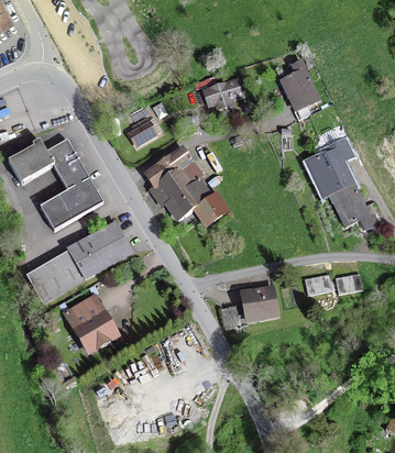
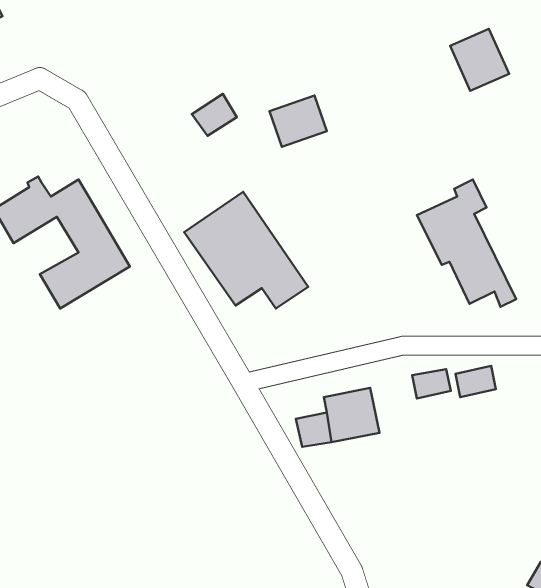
building: [279,68,321,112] -> [450,29,509,91]
building: [124,119,156,148] -> [192,94,237,136]
building: [26,220,133,300] -> none
building: [63,291,123,356] -> none

